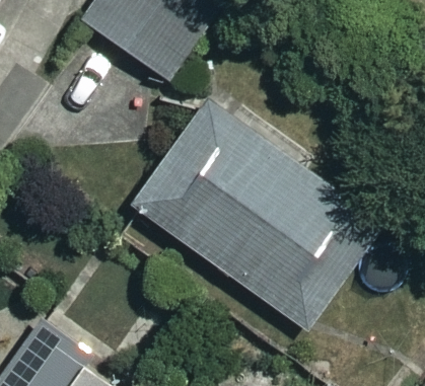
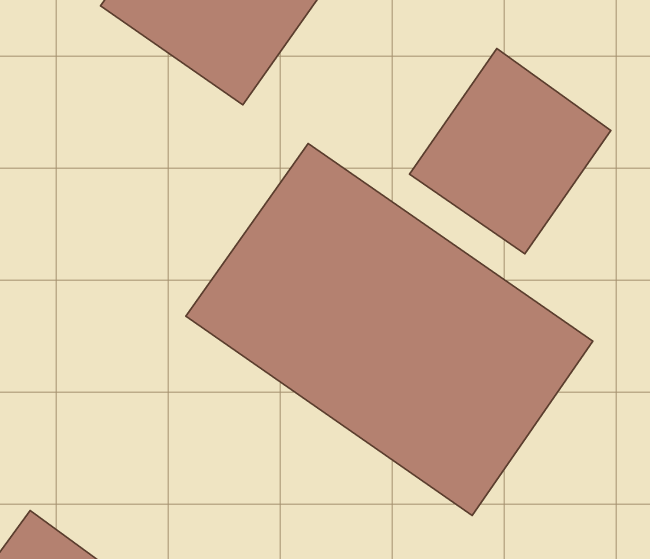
building: none -> [409,49,611,254]

